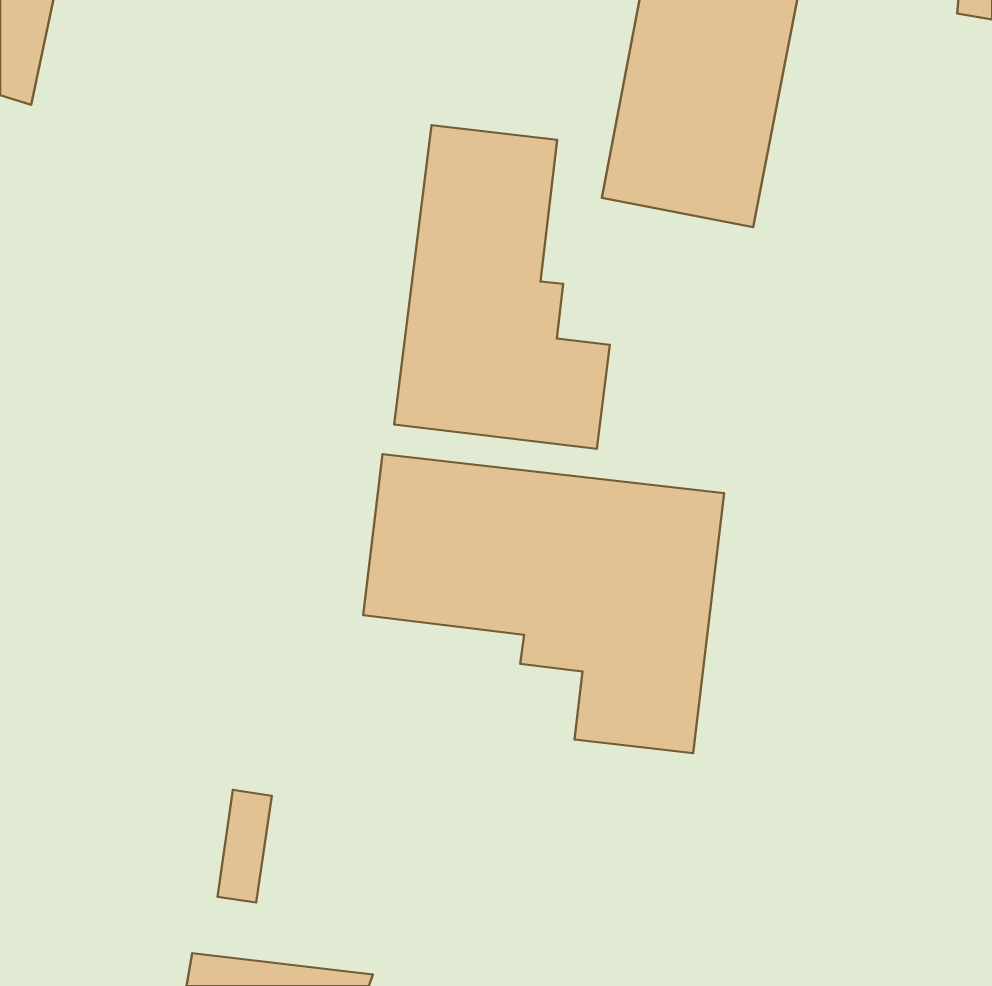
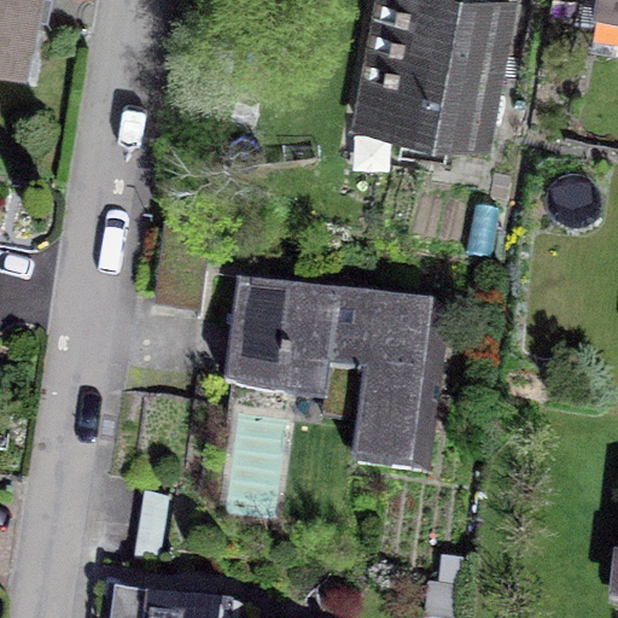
building: [394,125,610,449] -> none

